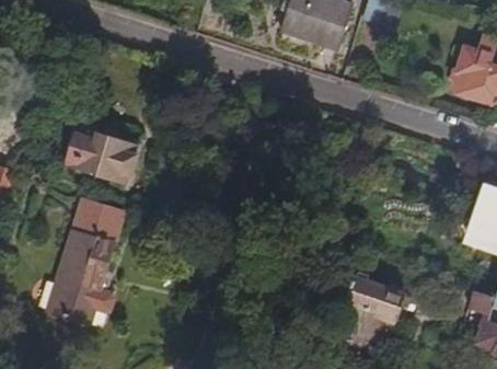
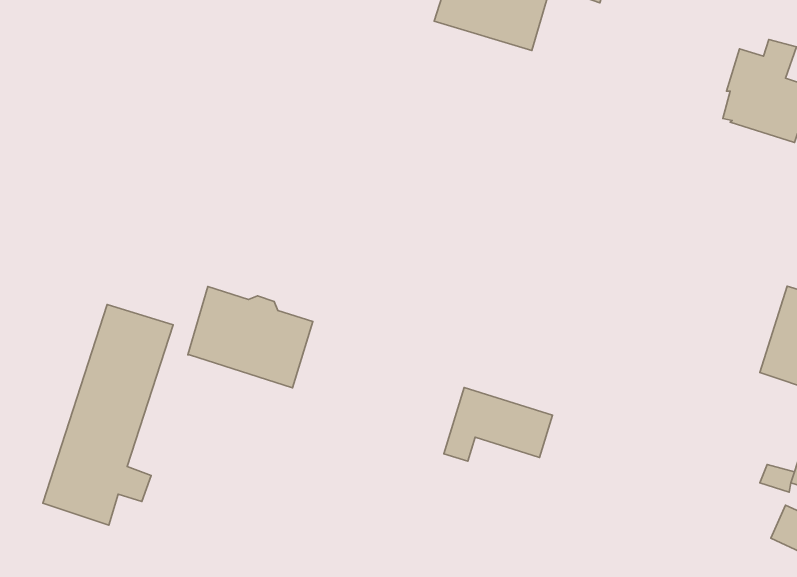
building: [63,124,138,184] -> [188,287,313,388]
building: [342,277,406,321] -> [444,388,552,461]

